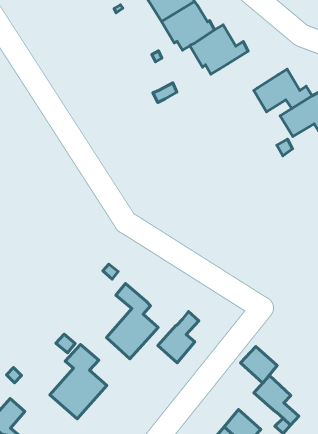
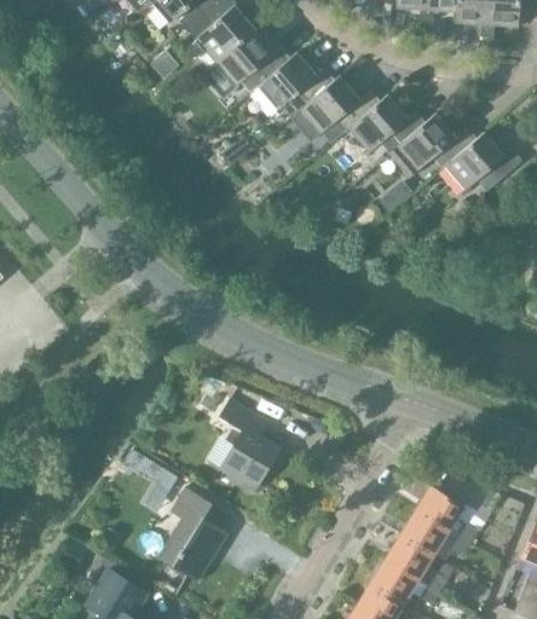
building: none -> [300,76,376,133]
building: [158,312,199,363] -> none
building: [240,346,277,383] -> [399,510,446,555]

